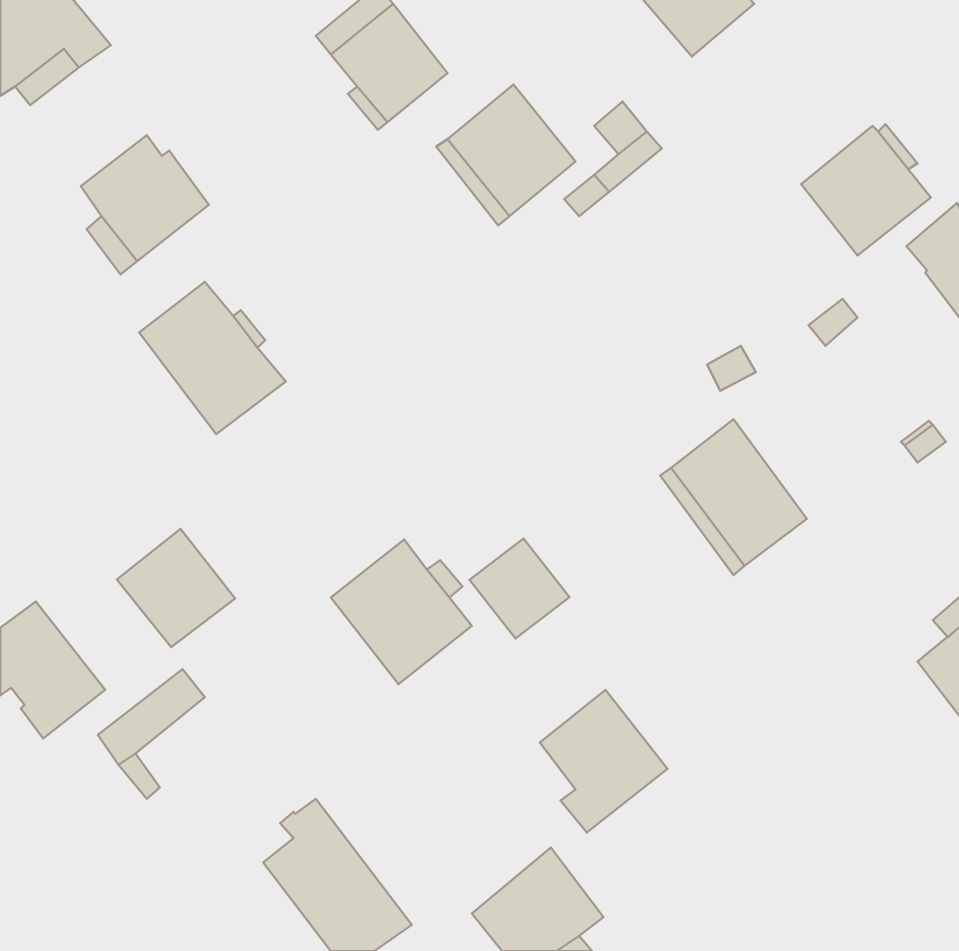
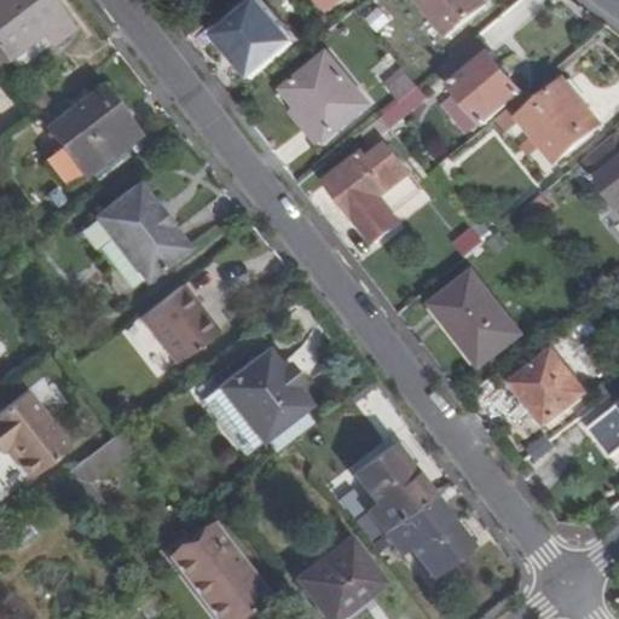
building: none -> [450,39,522,123]
building: none -> [325,141,410,241]
building: [117,529,235,647] -> [138,284,214,360]
building: [469,539,569,638] -> none
building: none -> [511,348,586,424]
building: none -> [378,494,468,577]

